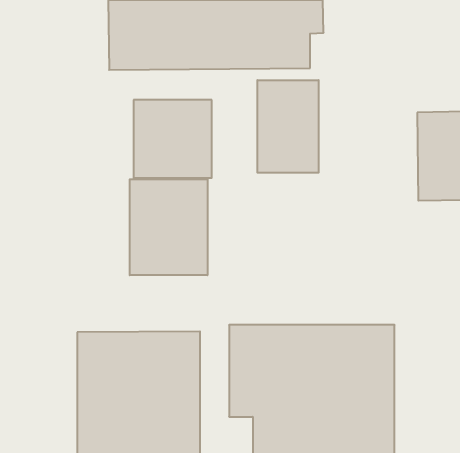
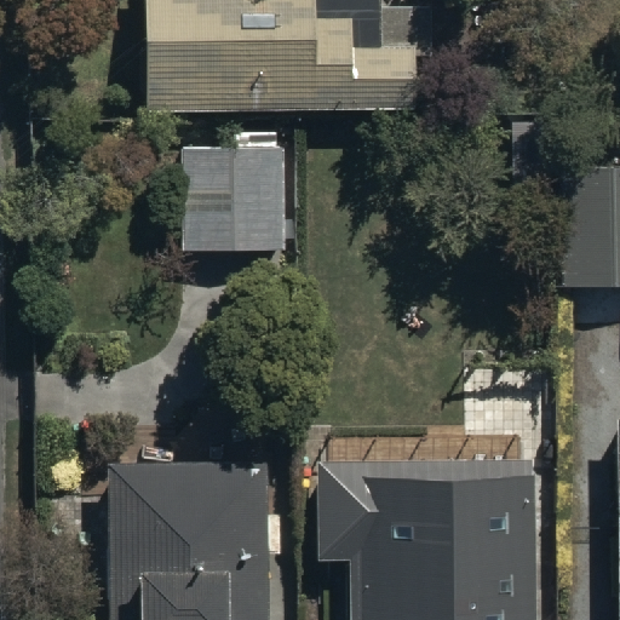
building: [257,80,319,173] -> none
building: [130,179,207,275] -> none

